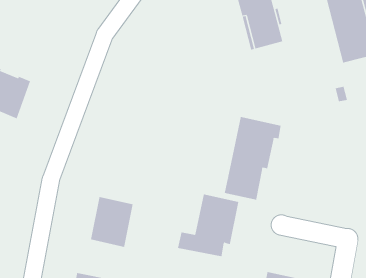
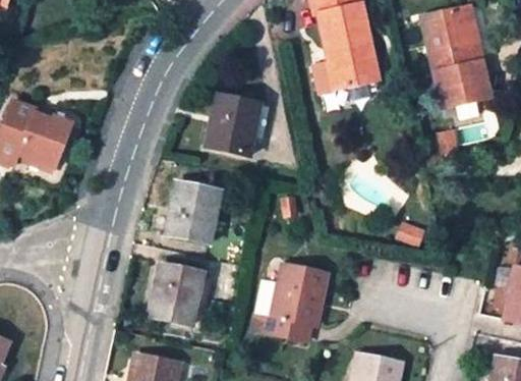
building: none -> [204,92,257,154]
building: [224,116,281,200] -> none
building: none -> [166,182,219,243]

